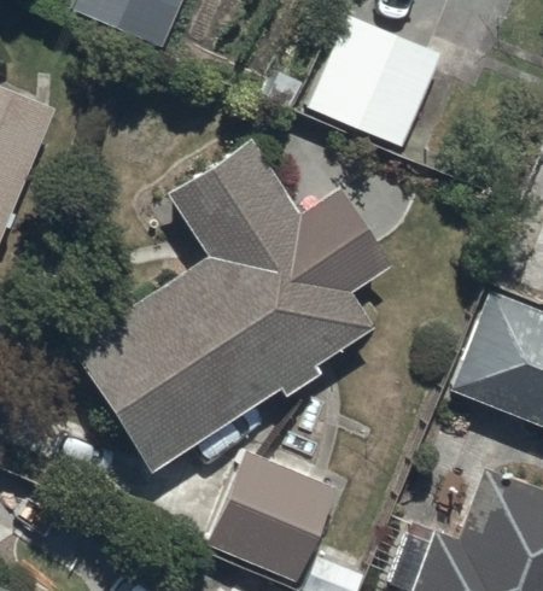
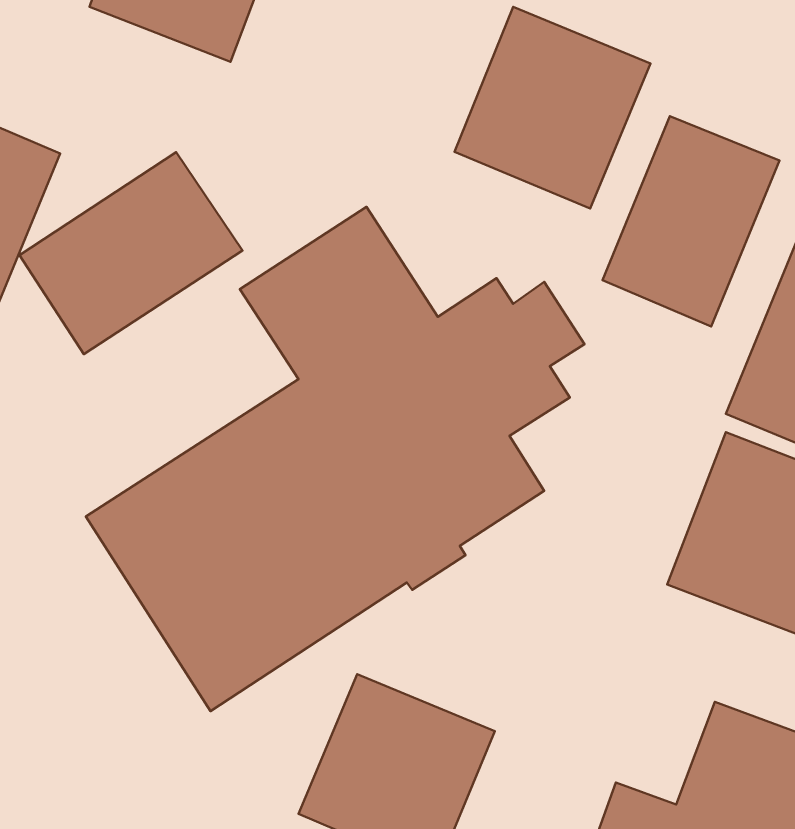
building: none -> [602,116,780,326]
building: none -> [20,152,242,354]

